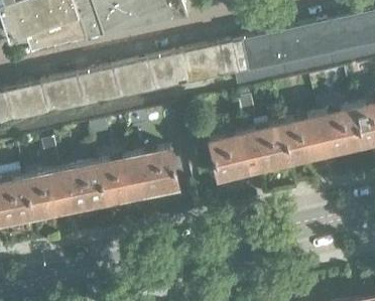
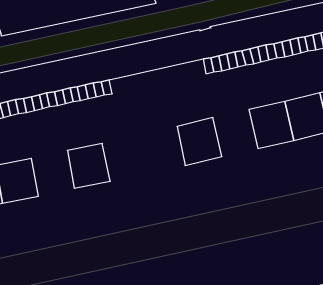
building: [245,123,290,170] -> none
building: [133,150,178,195] -> none
building: [61,164,105,210] -> none

